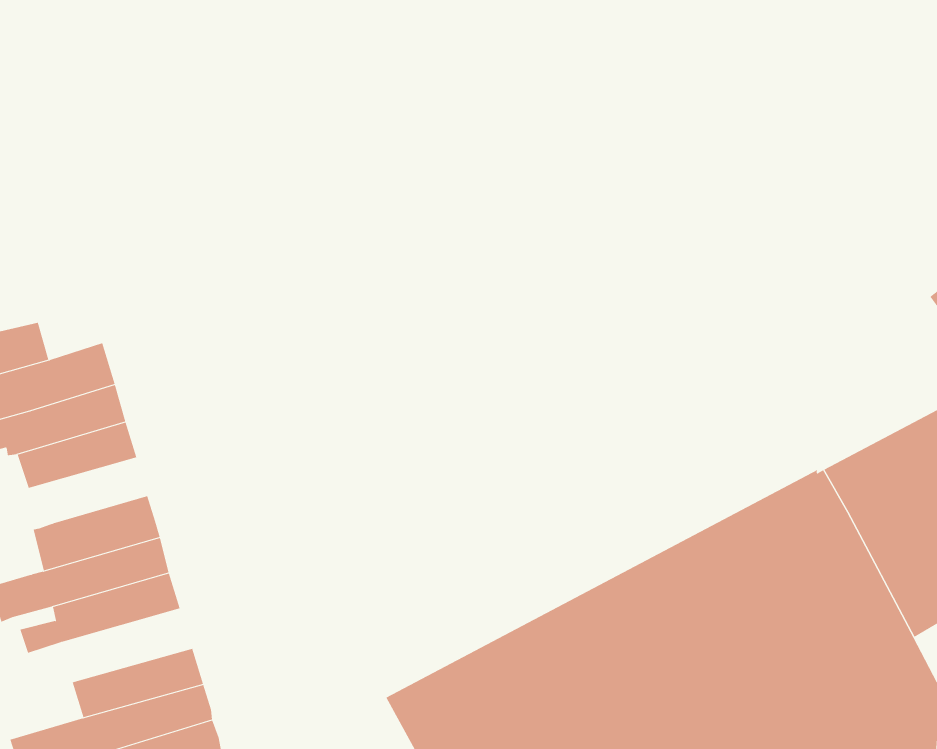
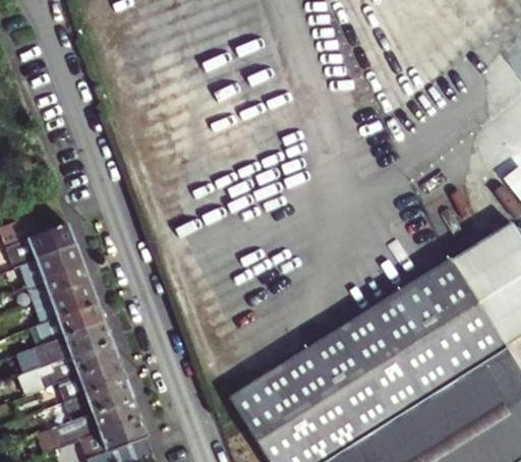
building: none -> [34,283,97,324]
building: none -> [57,360,126,403]

